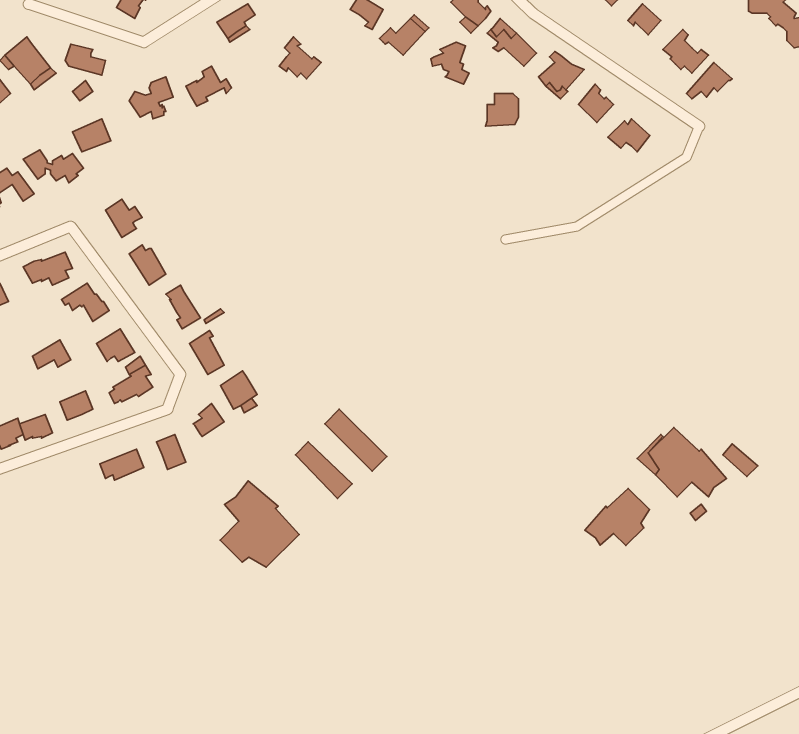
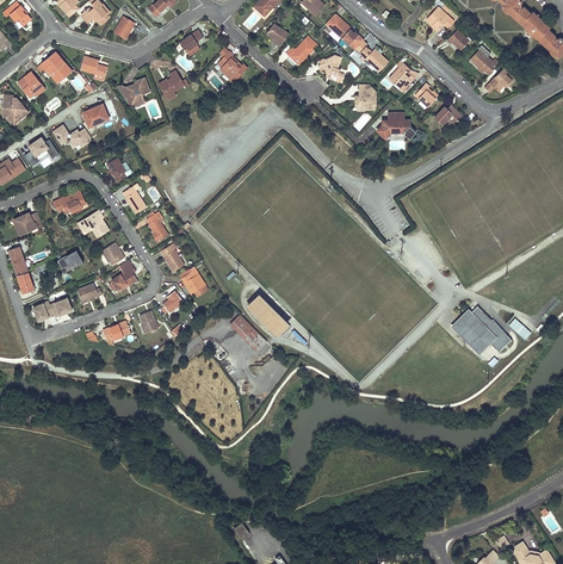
building: none -> [377,113,415,140]
building: [220,481,299,567] -> none
building: [585,488,650,546] -> none

